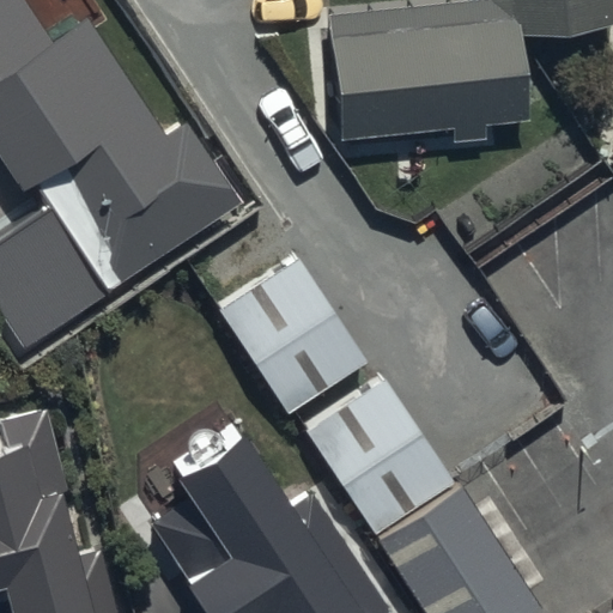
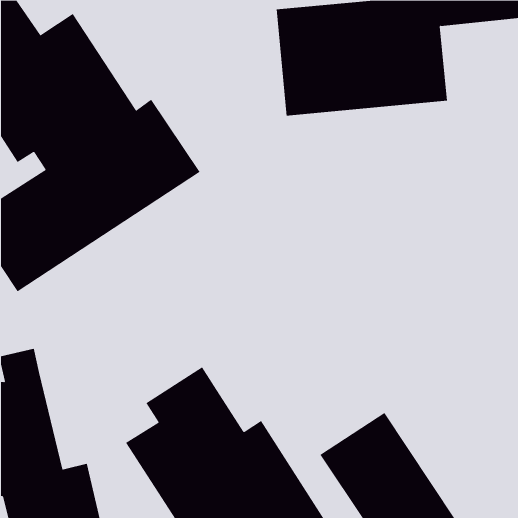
building: [221,254,369,412] -> none
building: [306,377,448,523] -> none

